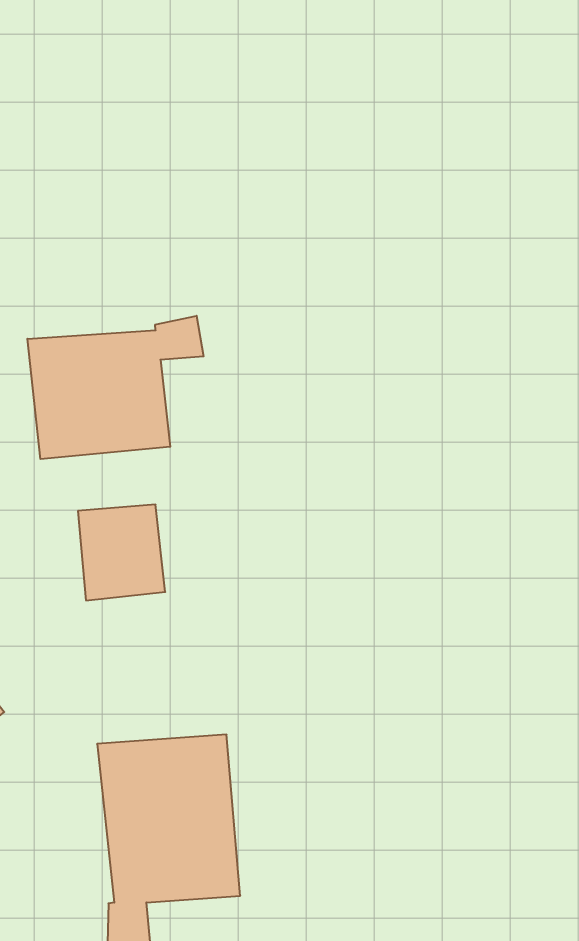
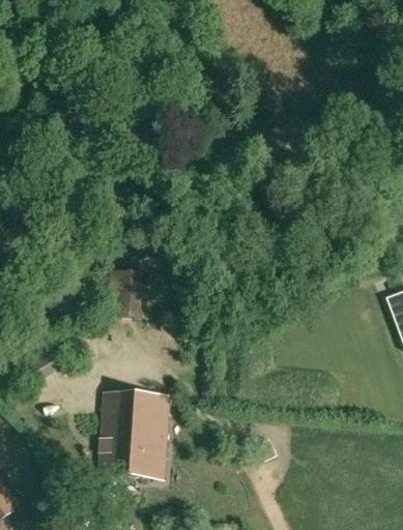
building: [27,316,204,459] -> none

